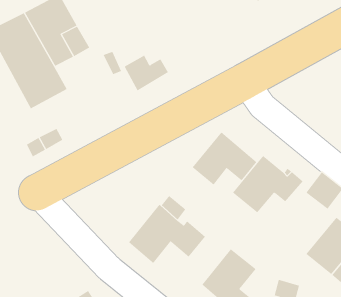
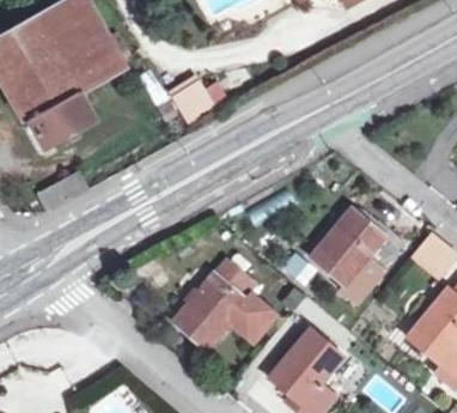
building: [192,131,257,185] -> none

